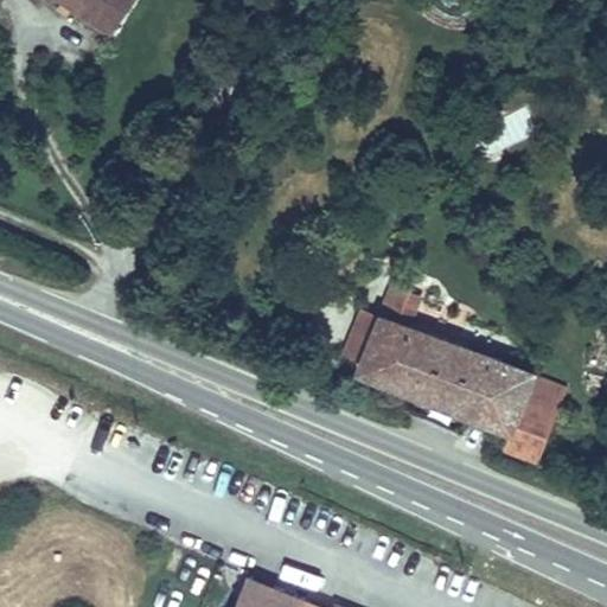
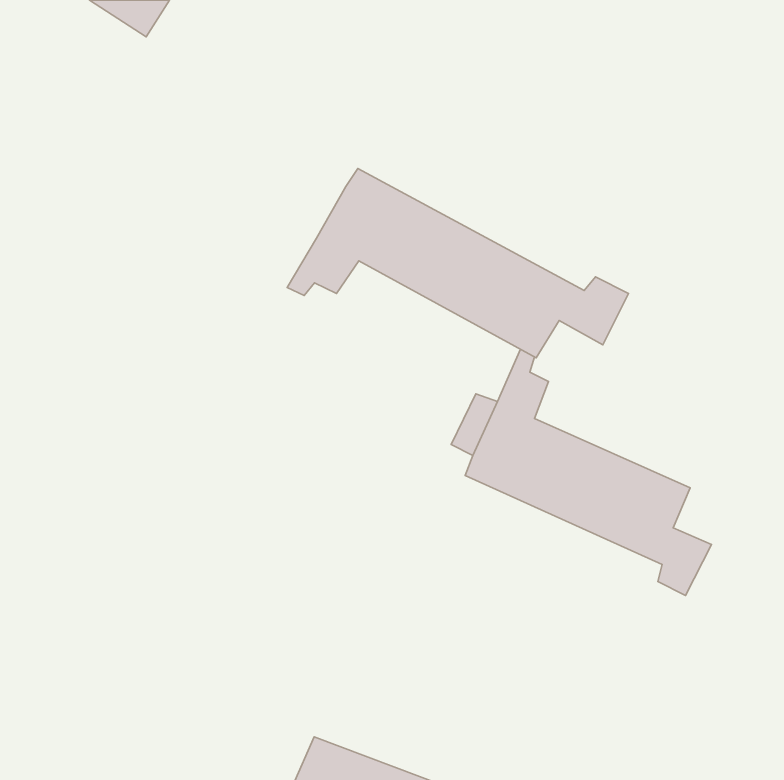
building: none -> [287,168,629,358]
building: [518,381,561,424] -> none

